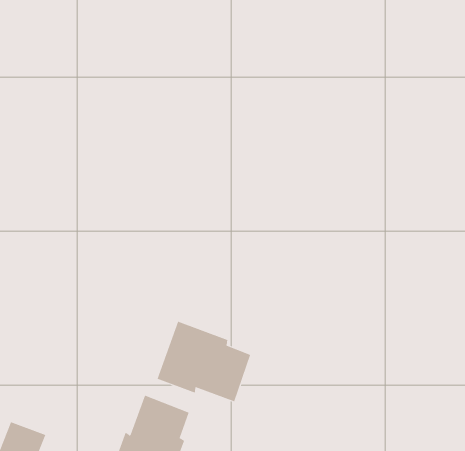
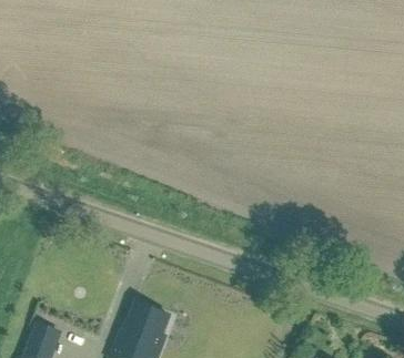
building: [157,321,251,402] -> none

